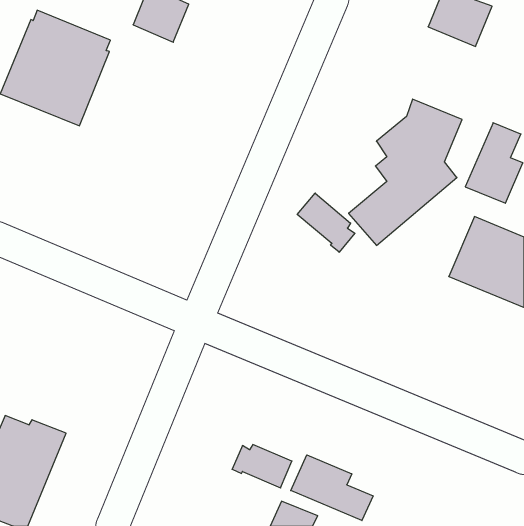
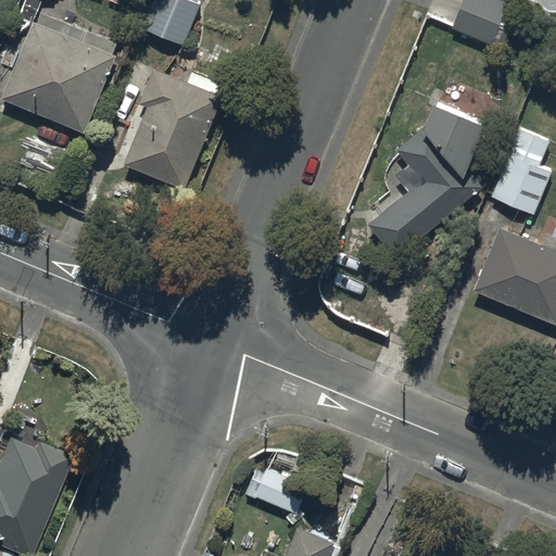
building: none -> [123,68,223,189]
building: [297,193,355,252] -> none
building: [291,455,373,521] -> none

